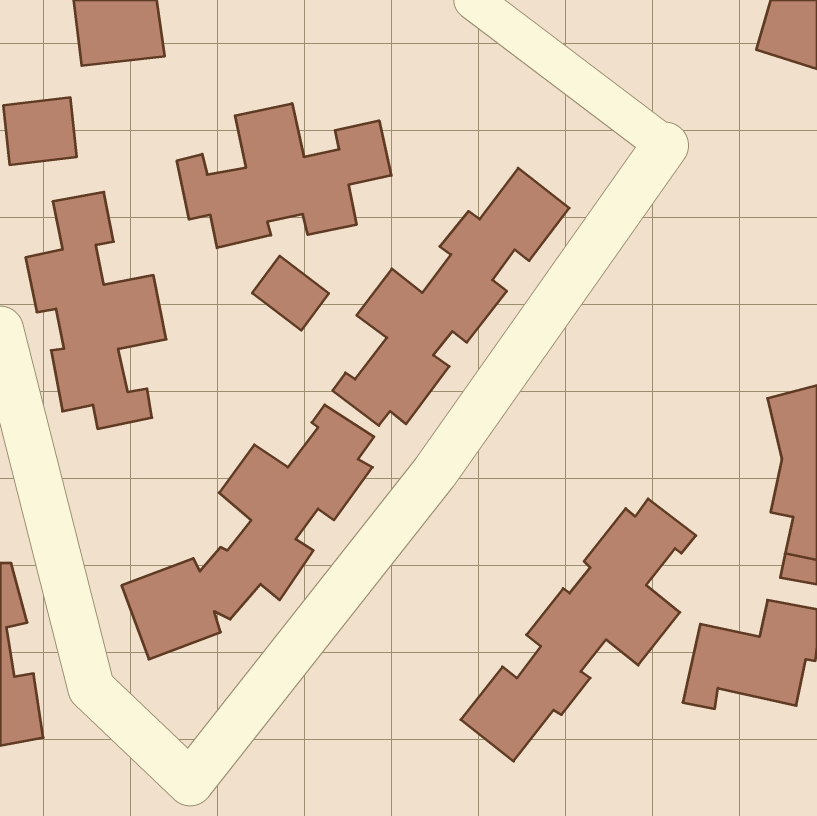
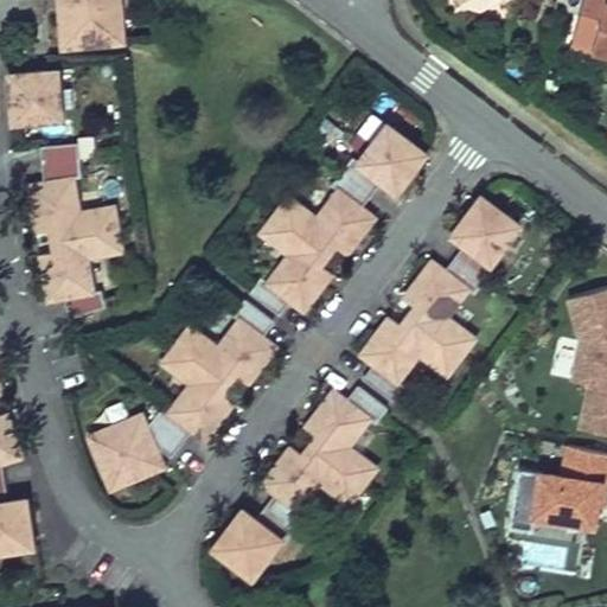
building: [177,103,391,248] -> none
building: [252,256,329,330] -> none
building: none -> [360,199,520,402]
building: [461,499,696,761] -> [213,385,388,580]

